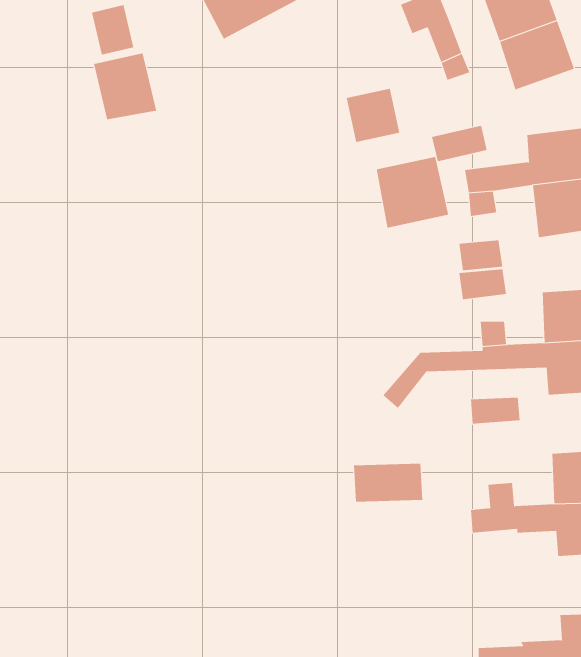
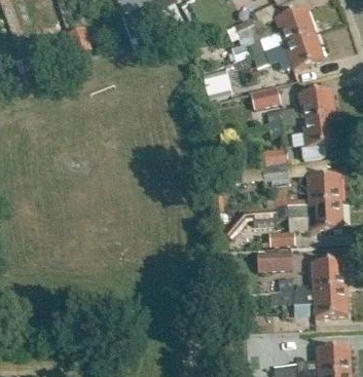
building: [93,52,157,120] -> none
building: [376,156,449,229] -> none
building: [353,463,423,502] -> [255,250,292,270]

